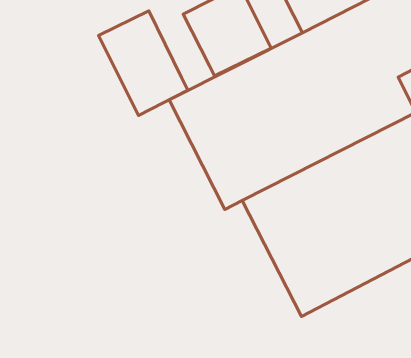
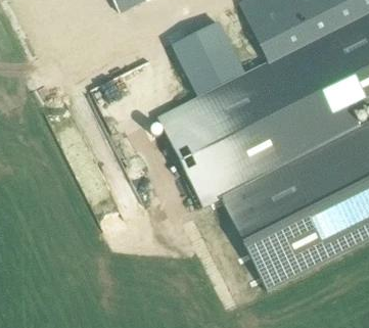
building: [98,11,188,116] -> none

